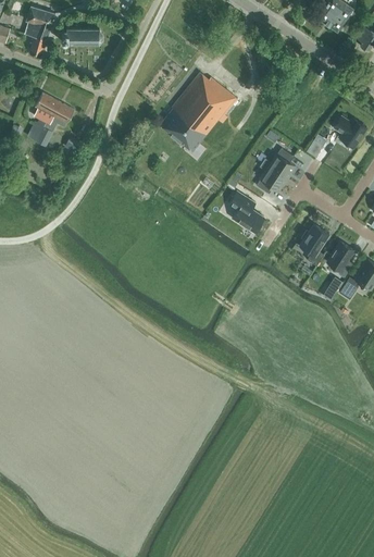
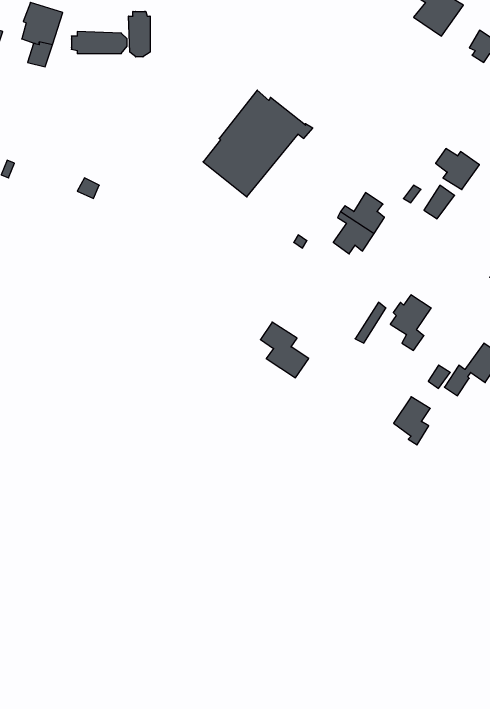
building: none -> [129,11,150,57]
building: [29,92,74,145] -> none
building: [228,190,264,232] -> [260,322,309,378]
building: [327,242,354,277] -> [394,397,430,445]

